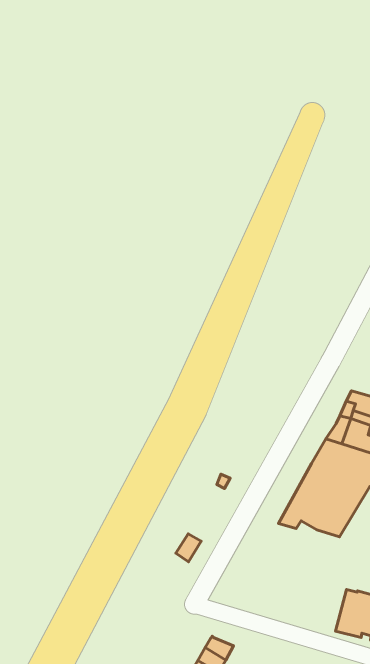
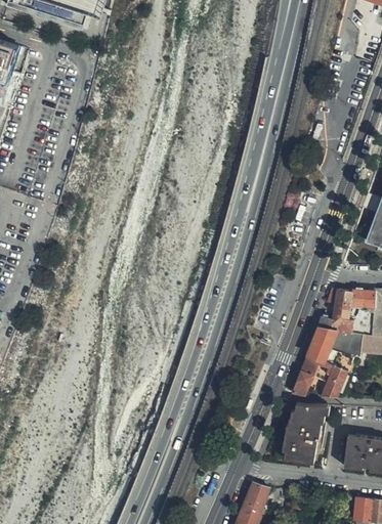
building: none -> [283,403,330,463]

